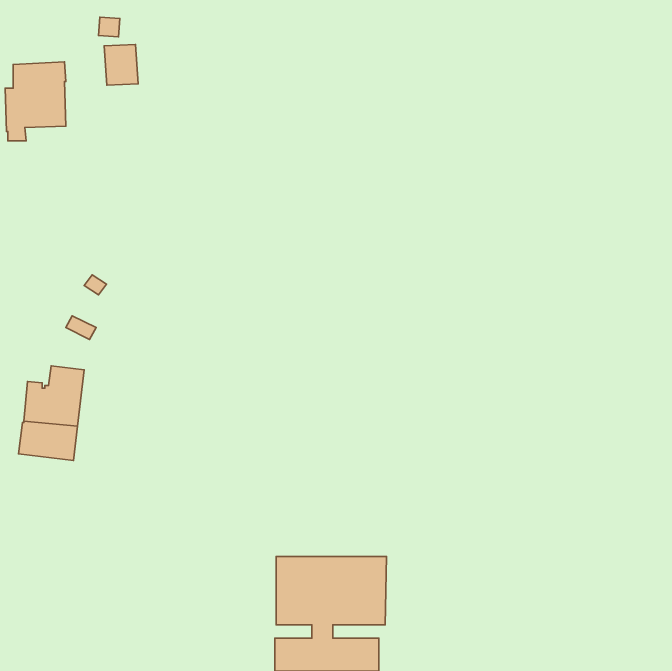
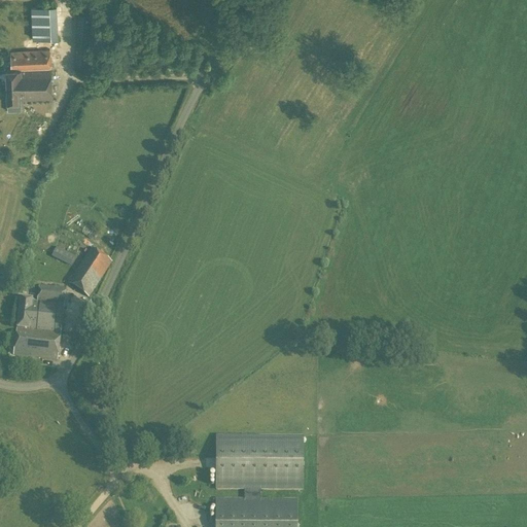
building: [104,44,138,85] -> [31,6,58,38]
building: none -> [68,248,111,295]

